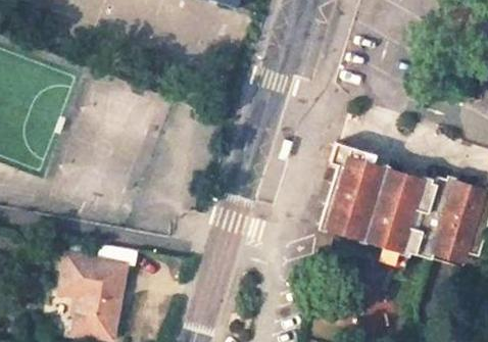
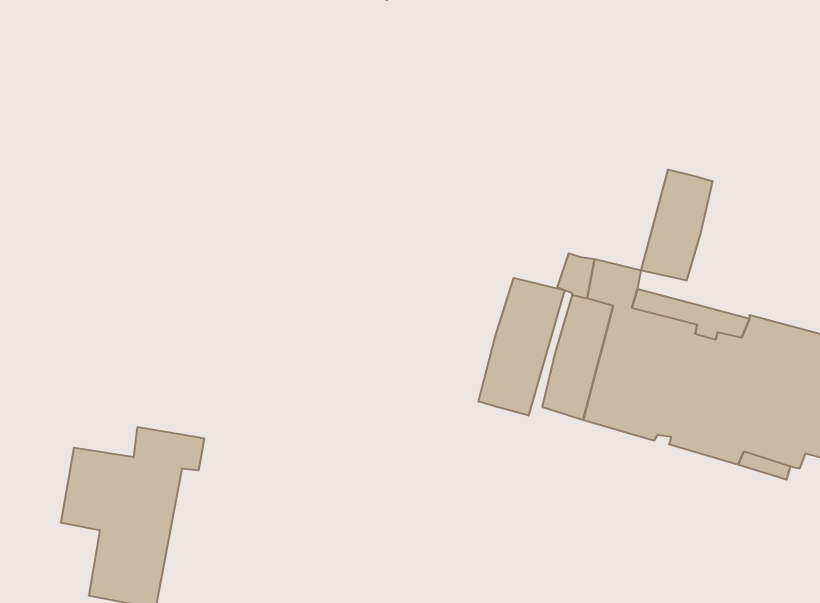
building: none -> [641,170,713,281]
building: none -> [479,278,565,416]

